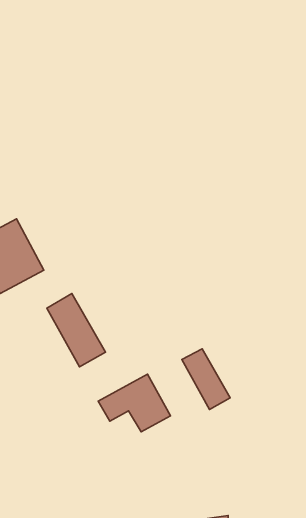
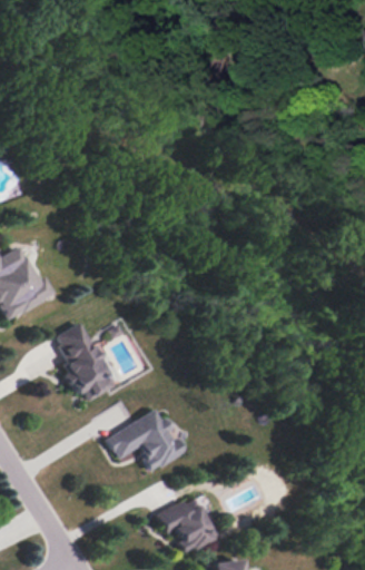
building: [182,349,230,410] -> none
building: none -> [161,495,217,556]

